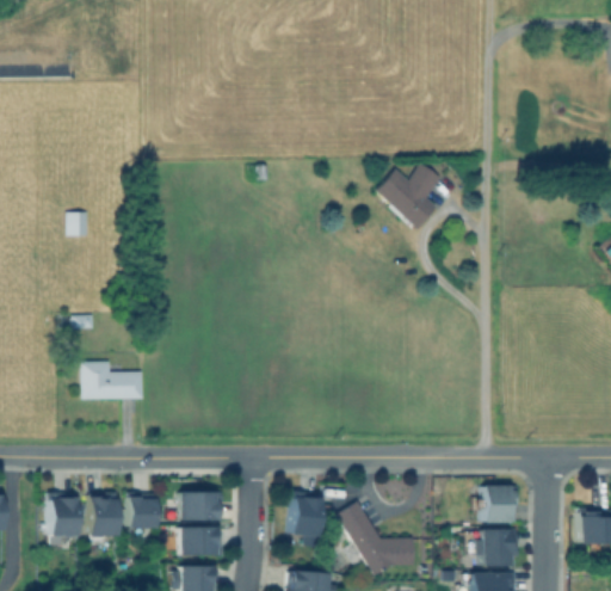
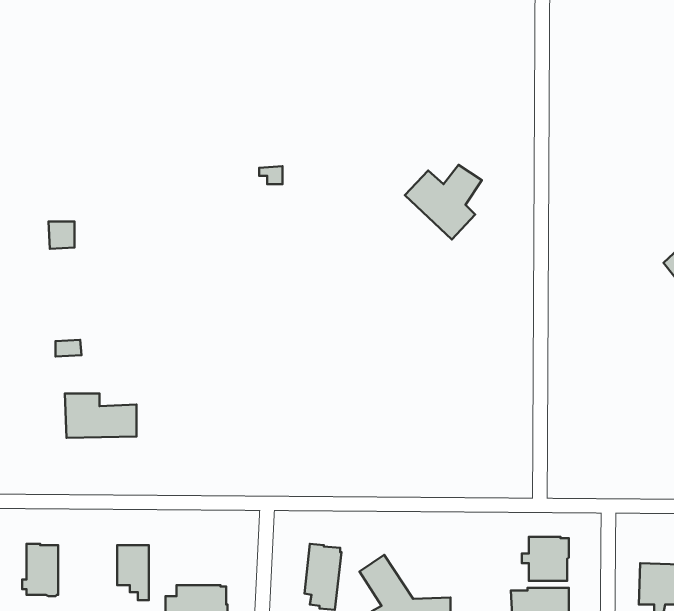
building: [87,492,116,540] -> none
building: [167,493,222,521] -> none

